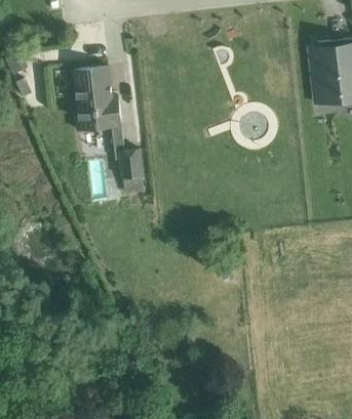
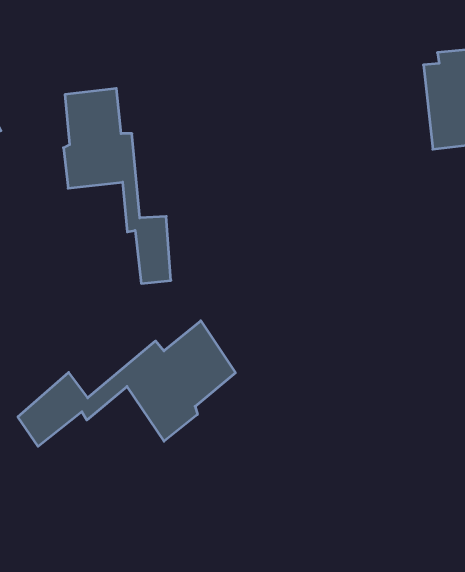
building: none -> [18,321,235,446]

